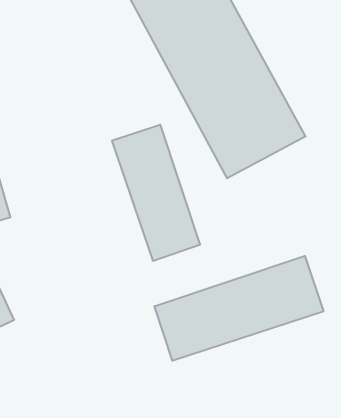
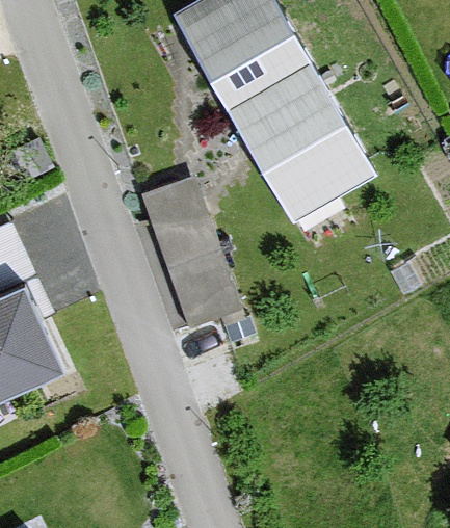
building: [155,256,323,361] -> none

